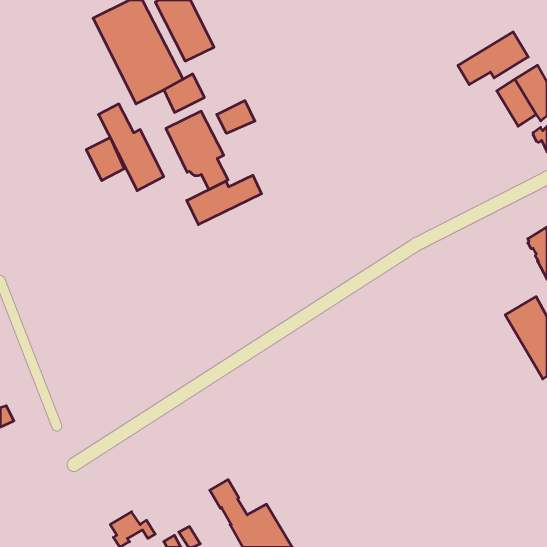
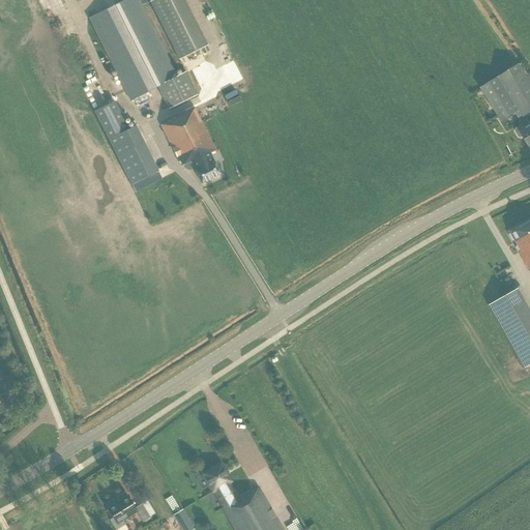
building: [458,32,528,85] -> none
building: [217,101,255,133] -> none
building: [86,137,124,181] -> none
building: [187,175,262,225] -> none

